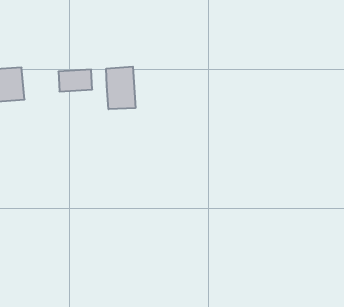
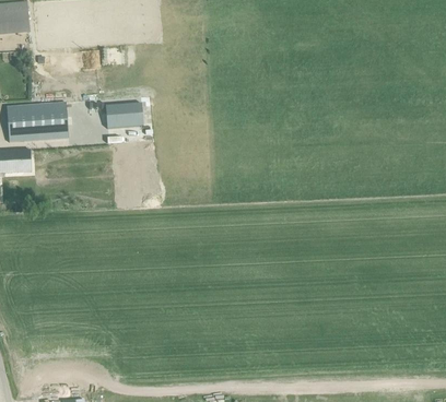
building: [106,67,135,109] -> none

